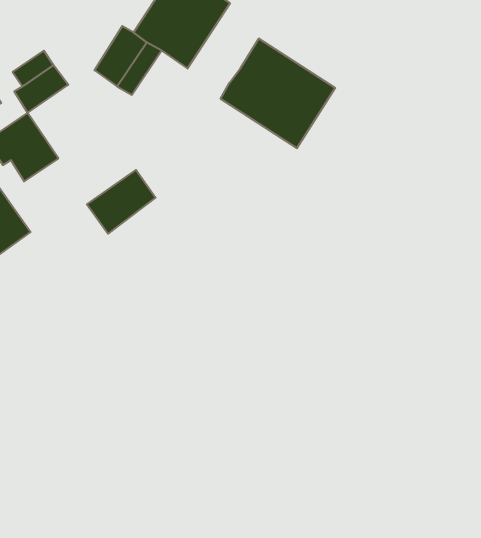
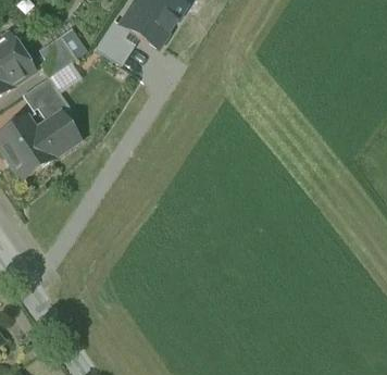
building: [221,38,335,148] -> none
building: [87,170,156,234] -> [38,113,84,155]

